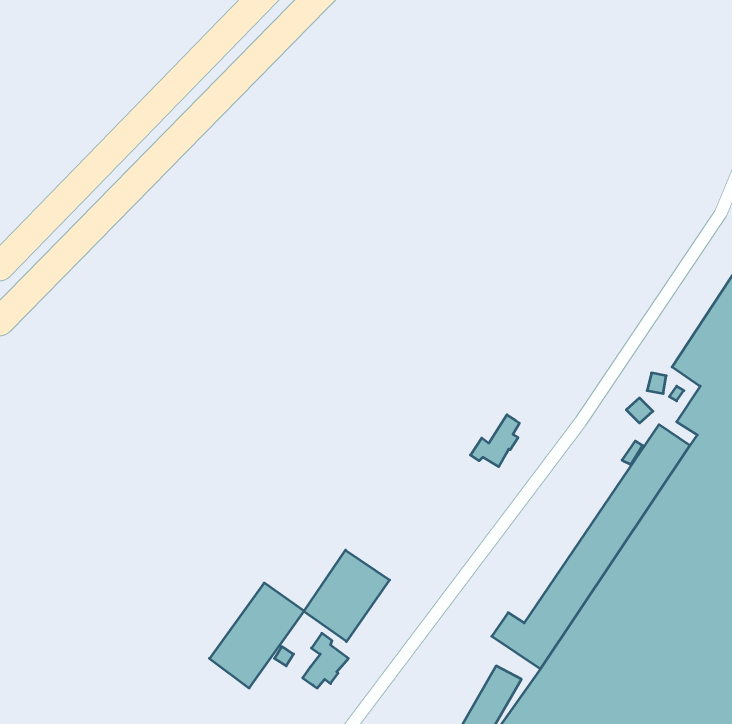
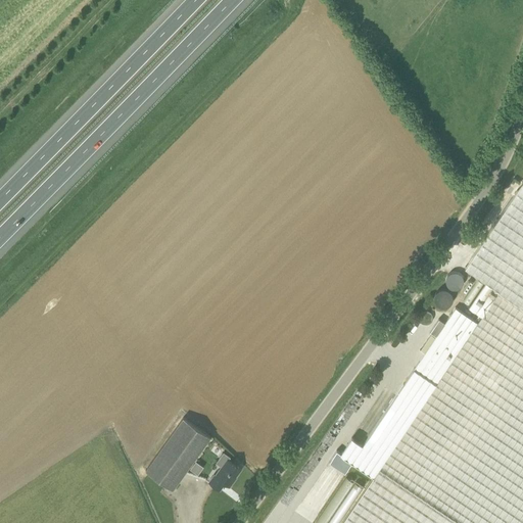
building: [470,415,519,467] -> none
building: [304,550,390,642] -> none

